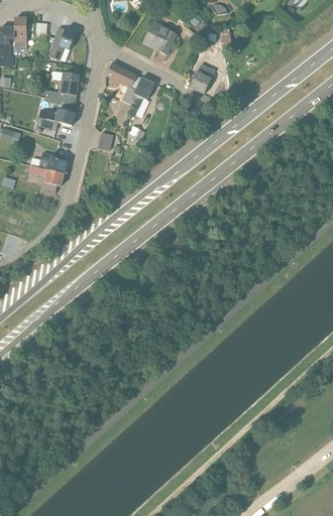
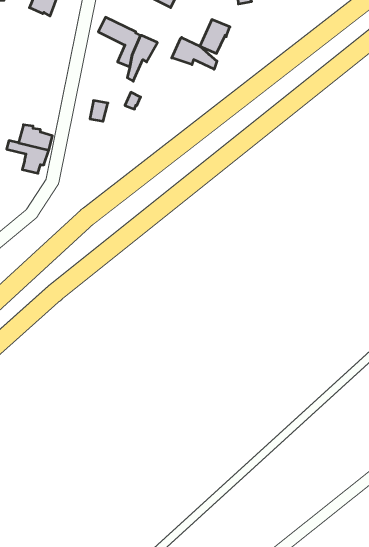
building: [44,71,80,105] -> none
building: none -> [172,37,217,69]
building: [36,108,75,130] -> none

